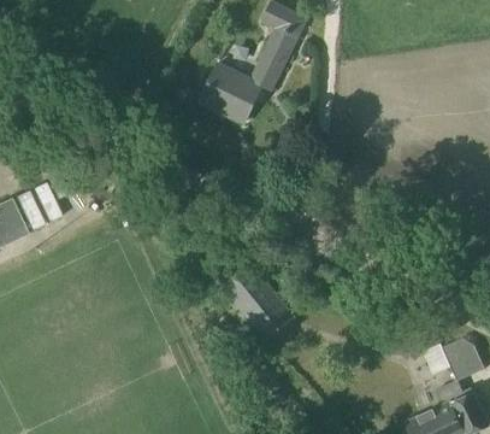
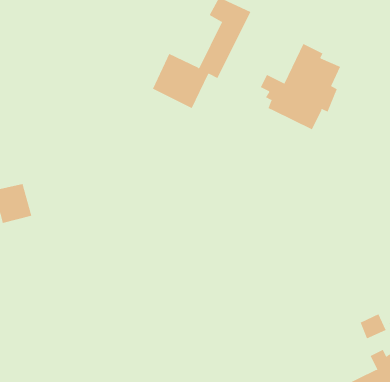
building: none -> [260,43,341,130]
building: [220,262,295,341] -> none

